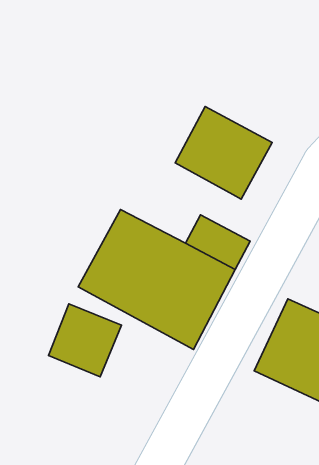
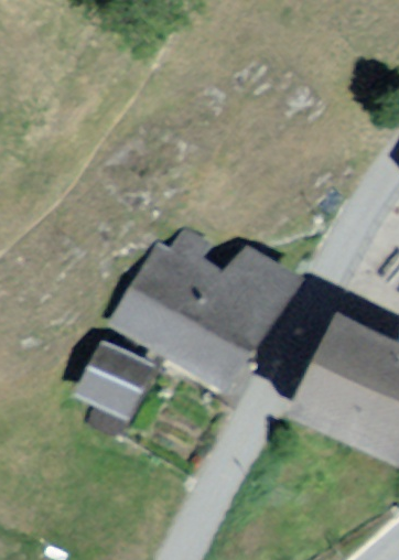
building: [175,106,272,199] -> none

